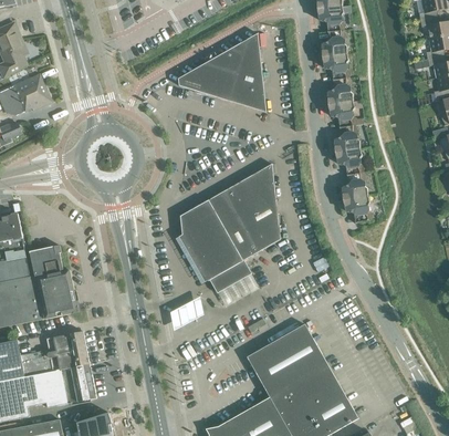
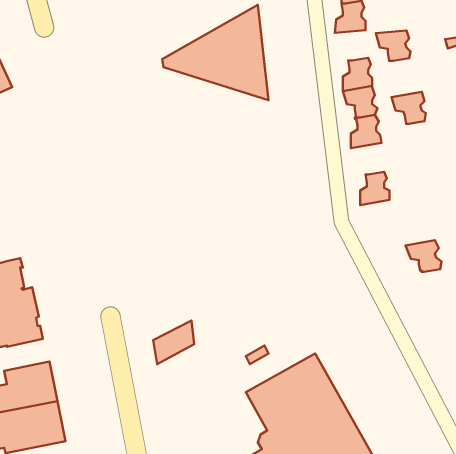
building: [321,54,349,80] -> [376,30,410,61]
building: [334,148,363,175] -> [391,92,426,124]
building: [179,164,280,293] -> none
building: [342,196,372,222] -> [406,240,442,272]

